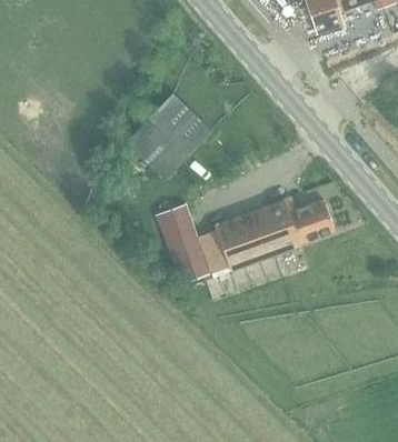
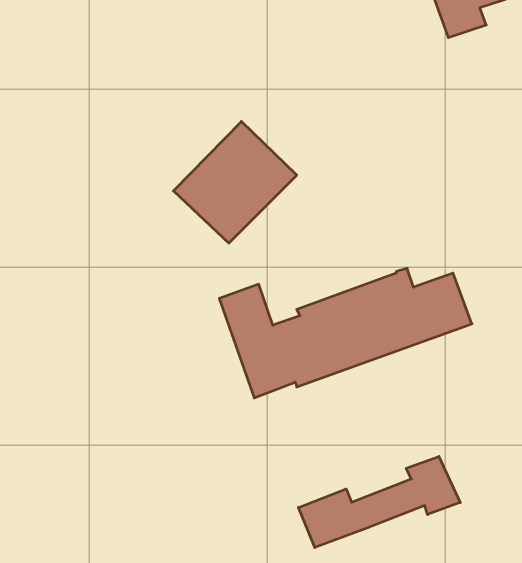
building: none -> [298,456,460,548]

